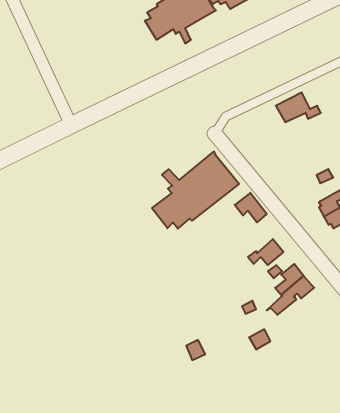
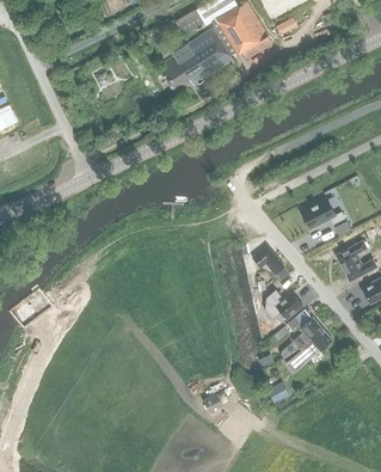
building: [276,93,321,122] -> [300,197,345,227]
building: [152,151,239,229] -> none

